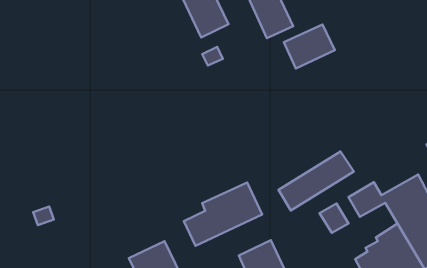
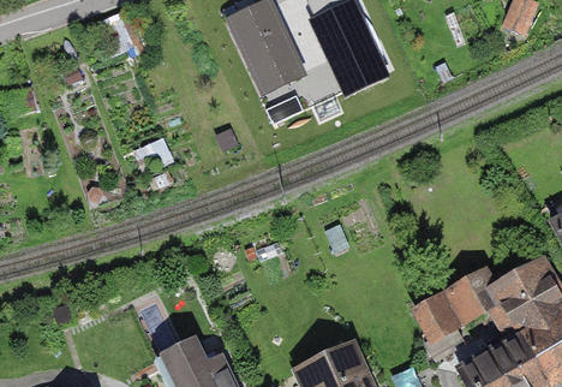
building: [284,25,335,68] -> none
building: [278,152,354,210] -> none
building: [184,182,262,246] -> none

